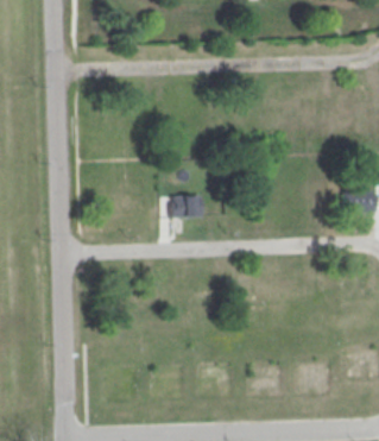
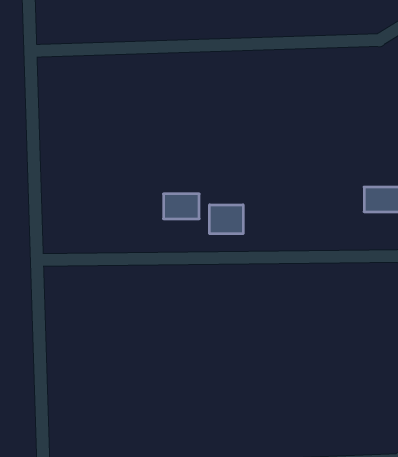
building: none -> [210,205,243,234]

